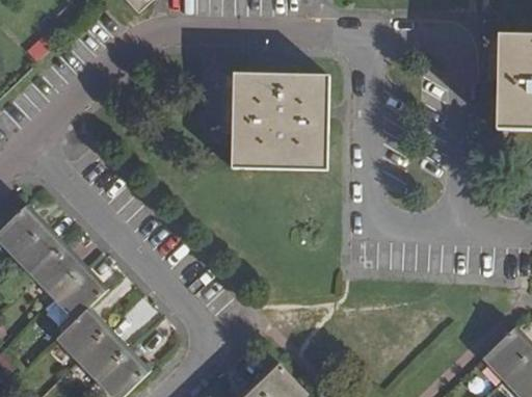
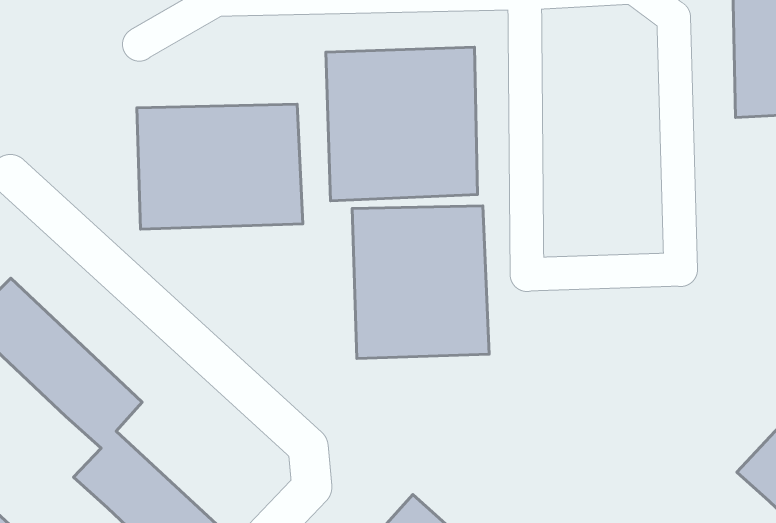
building: none -> [137,104,303,229]
building: none -> [352,206,489,358]

